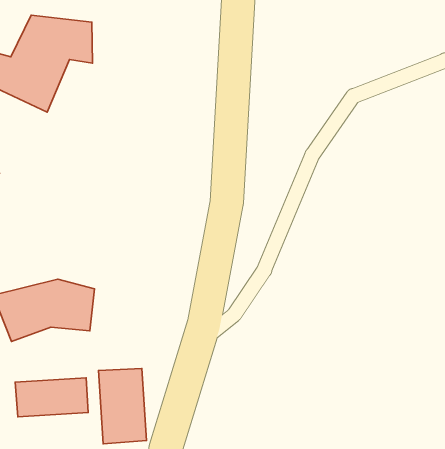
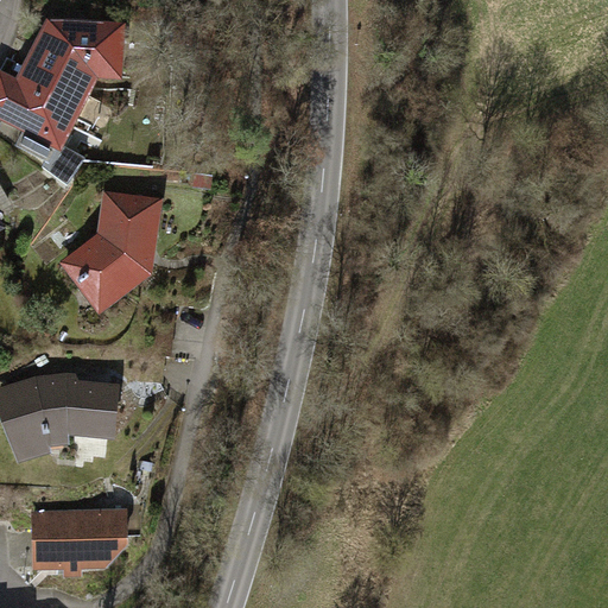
building: none -> [62,192,163,314]
building: [99,368,146,444] -> none

